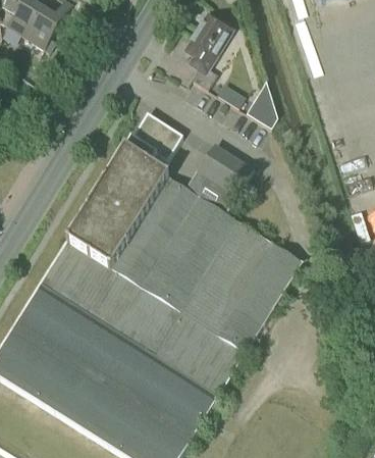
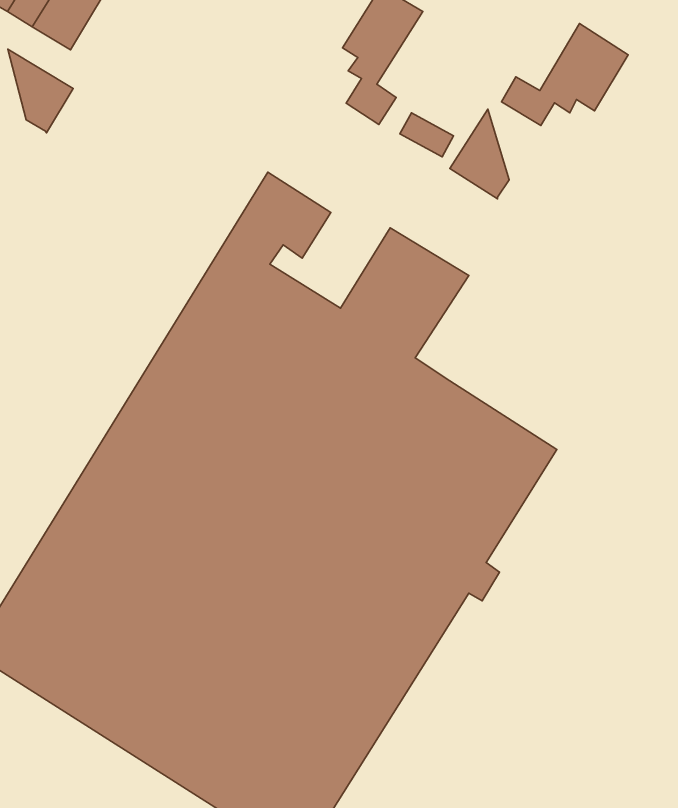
building: none -> [501,23,628,125]
building: none -> [8,49,73,133]

